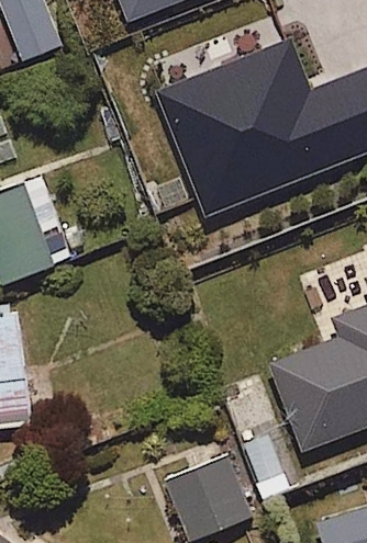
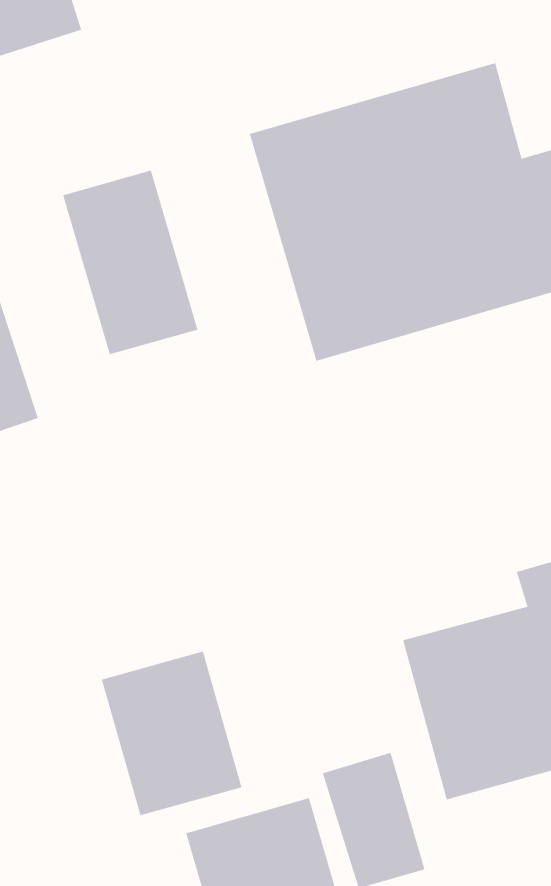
building: none -> [62,170,199,355]
building: none -> [101,651,243,816]

